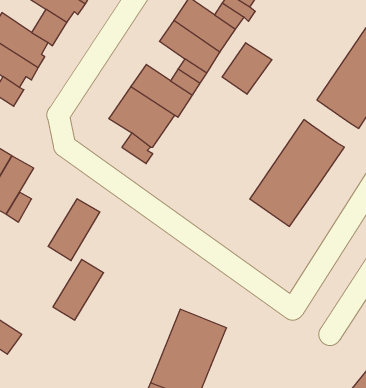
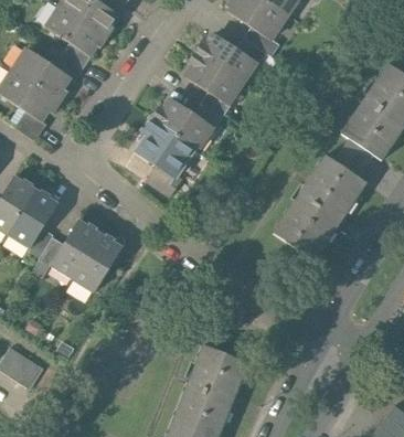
building: [222,43,272,94] -> none
building: none -> [334,139,373,177]
building: [53,259,104,320] -> [49,220,99,280]

